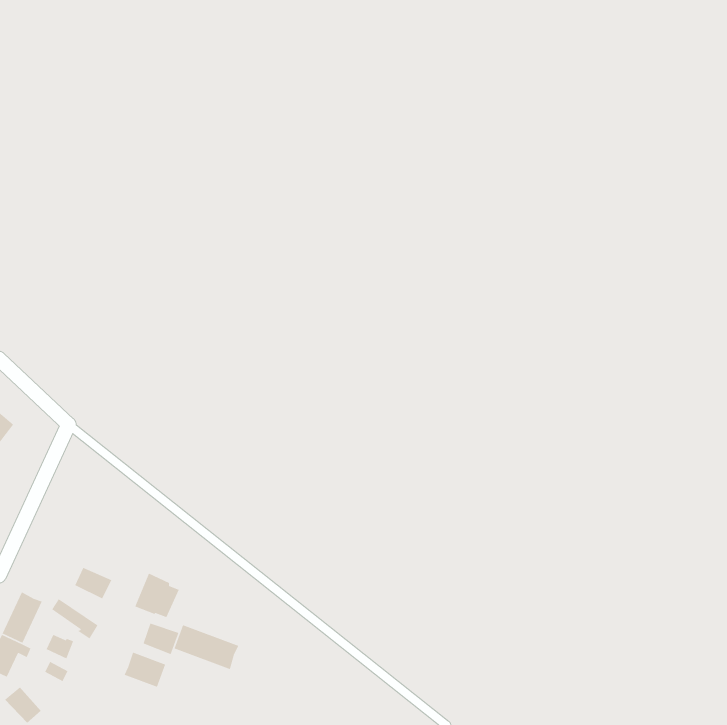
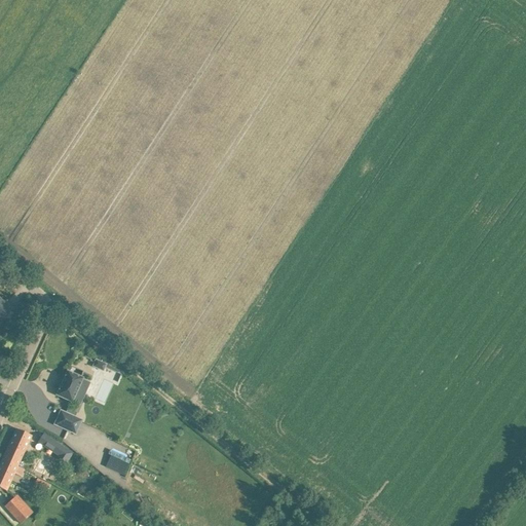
building: [134,573,180,618] -> [55,369,88,402]
building: [173,624,240,670] -> none
building: [124,651,166,688] -> none

